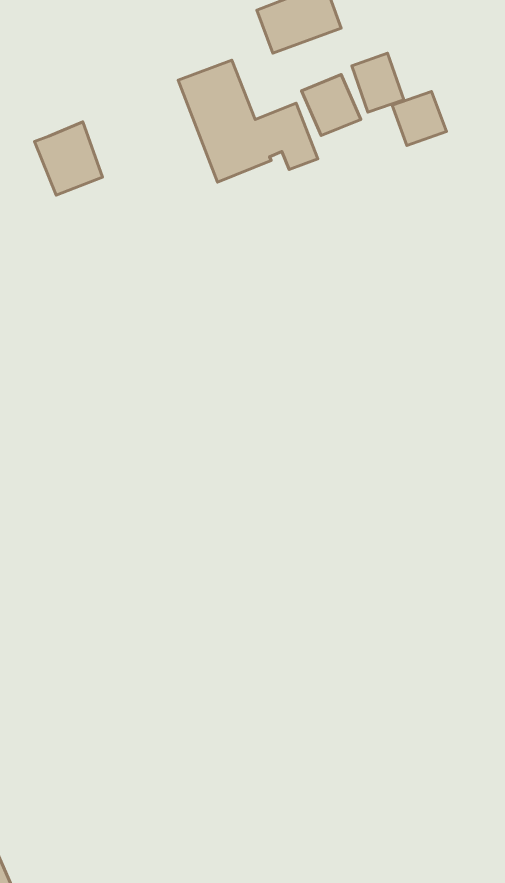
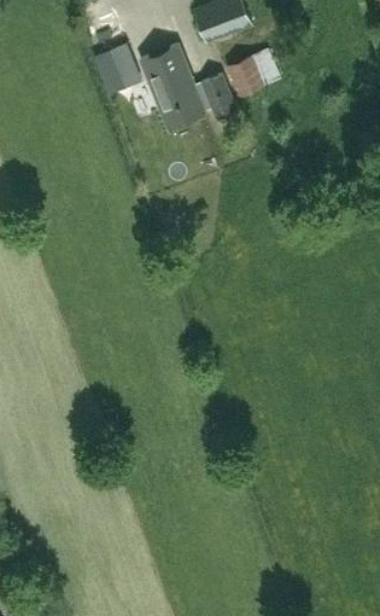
building: [392,92,446,145] -> none
building: [35,122,103,195] -> [93,43,139,93]

